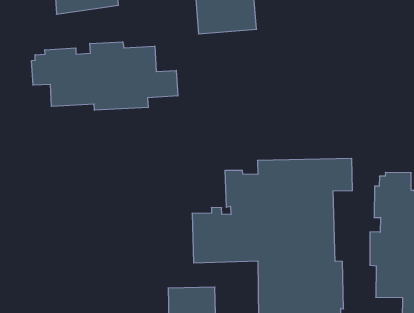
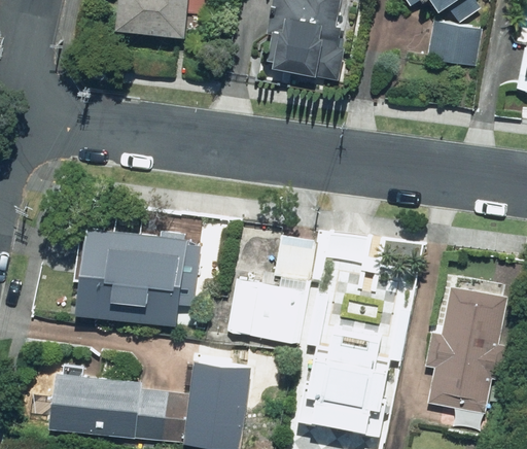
building: [32,42,178,110] -> none
building: none -> [75,231,199,326]

